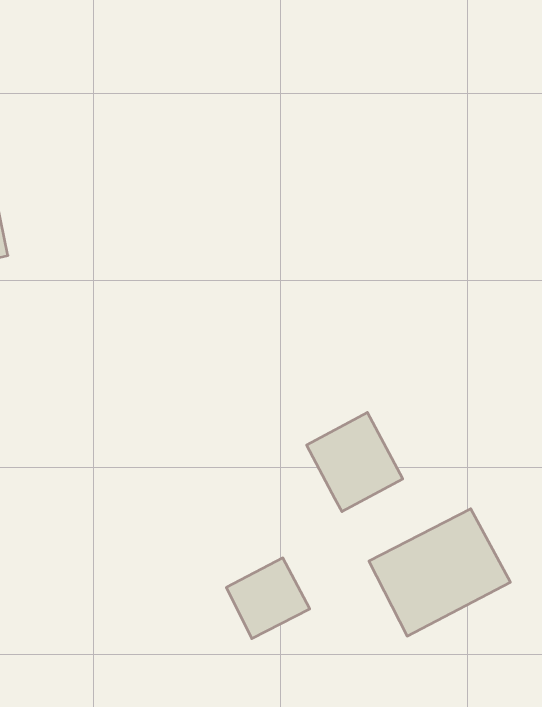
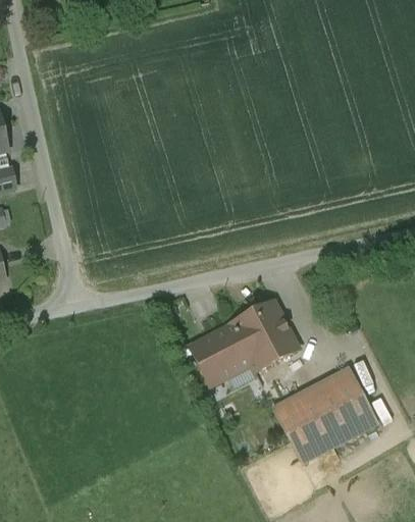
building: [226,558,310,639] -> [191,324,251,382]

